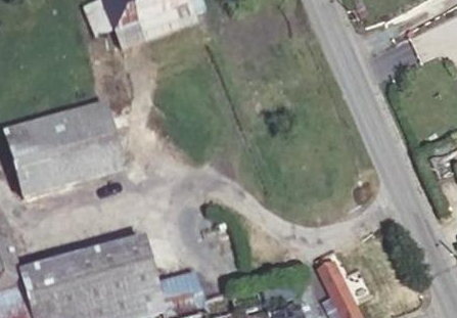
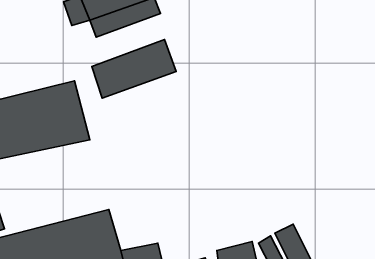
building: none -> [92,40,176,98]

